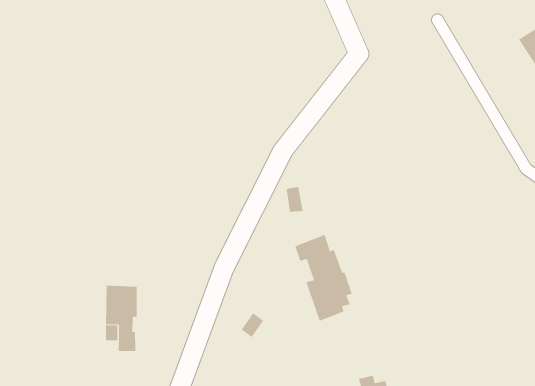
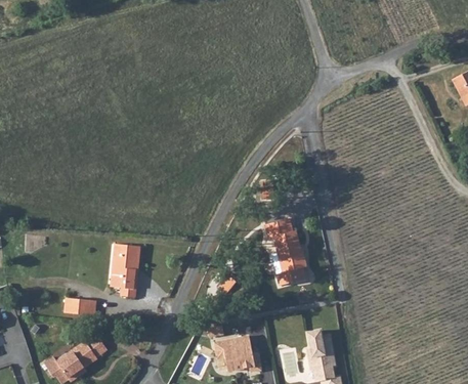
building: none -> [65,298,94,316]

